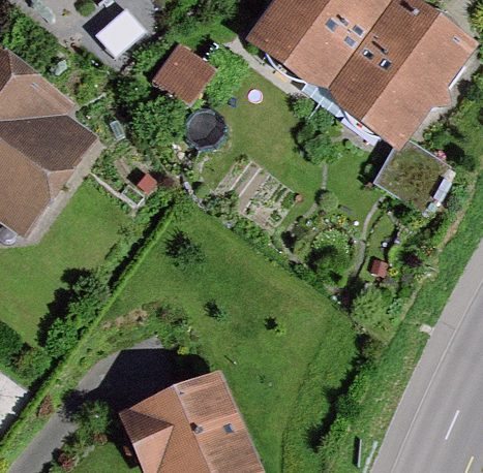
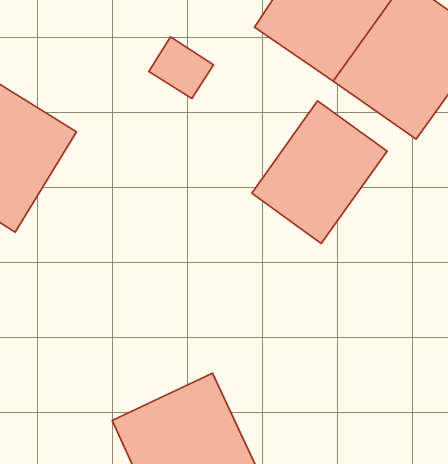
building: none -> [252,101,387,243]

